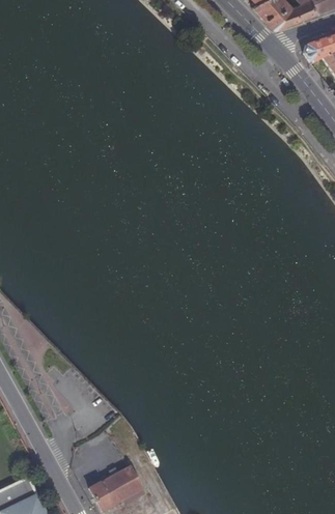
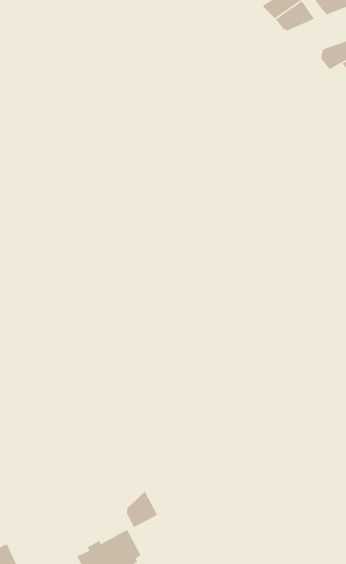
building: none -> [126,491,158,528]

